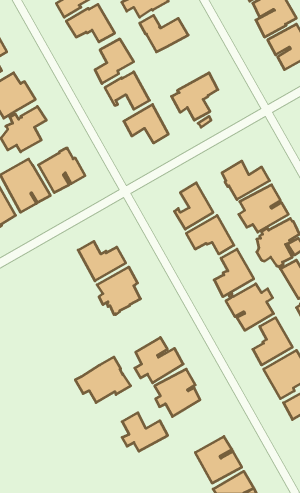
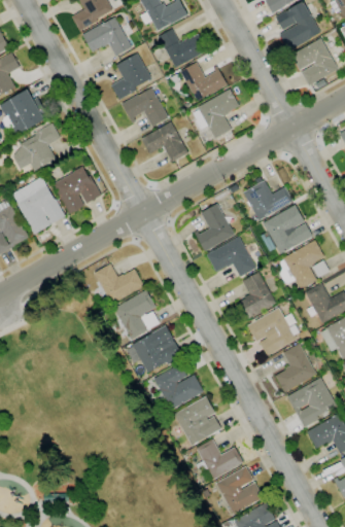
building: none -> [179,62,228,102]
building: [75,357,131,403] -> [126,325,183,373]
building: [122,413,168,451] -> [196,438,243,479]

